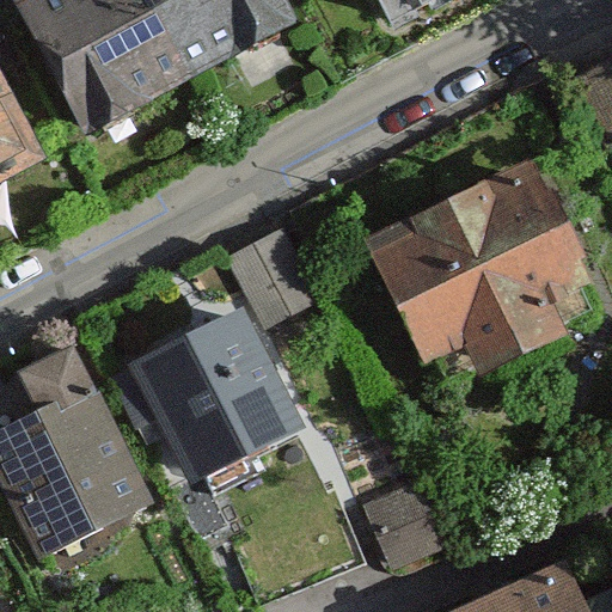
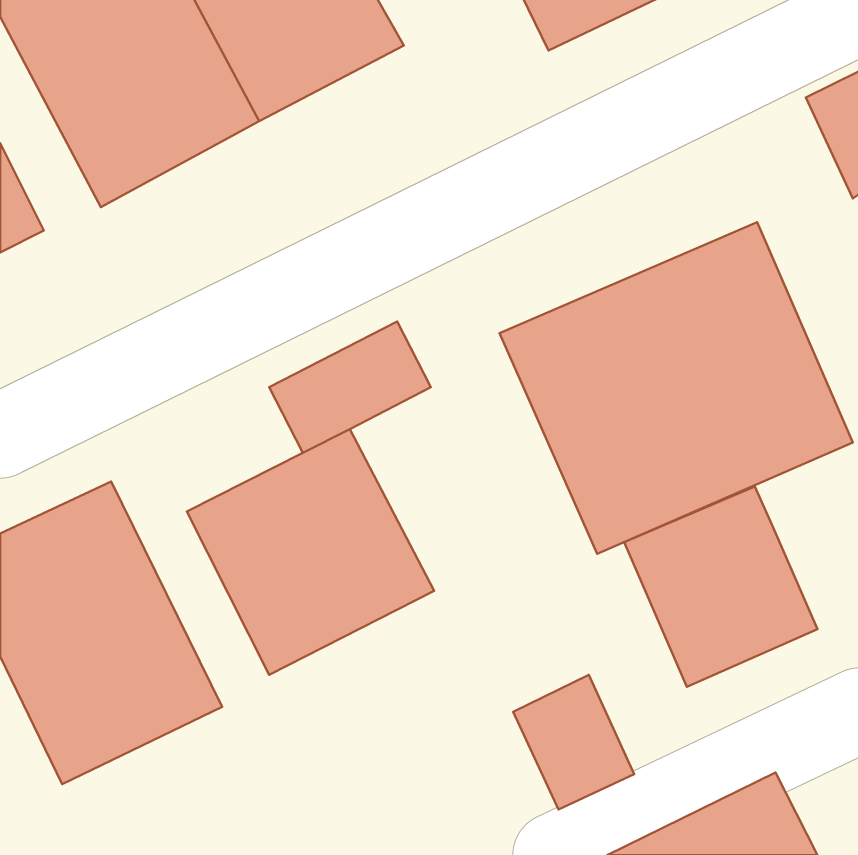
building: none -> [624,487,818,687]

